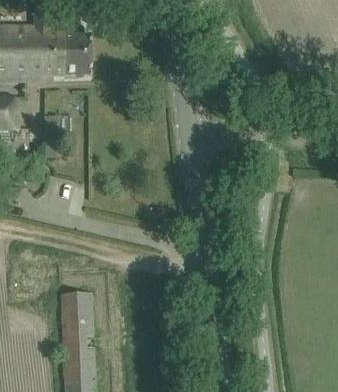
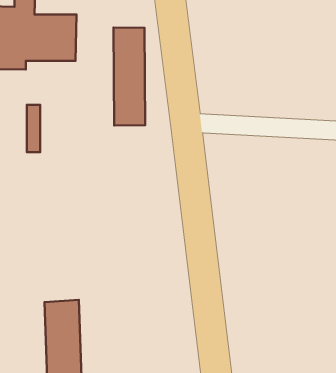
building: none -> [114,27,145,125]

